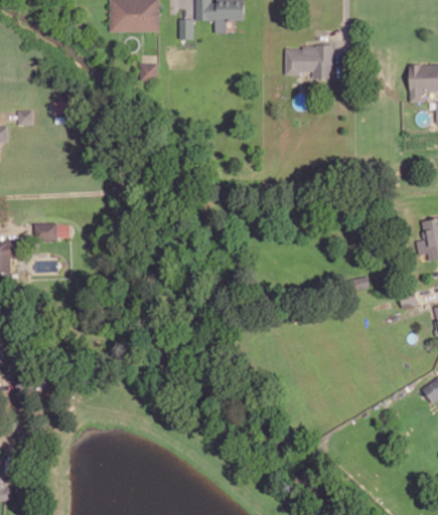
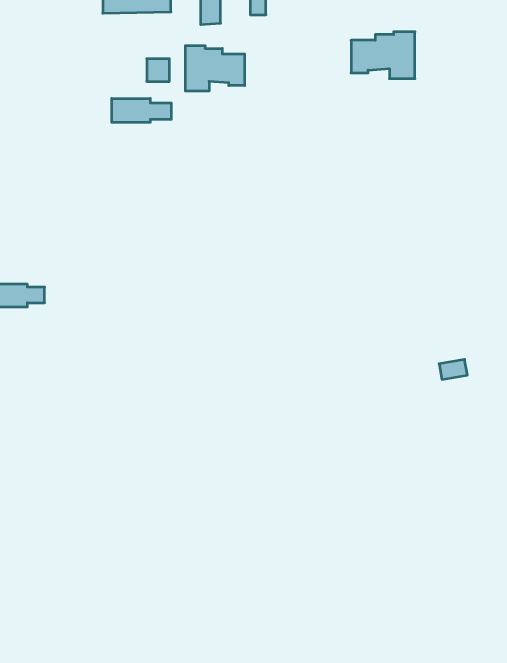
building: none -> [185,46,245,91]
building: none -> [112,98,171,122]

